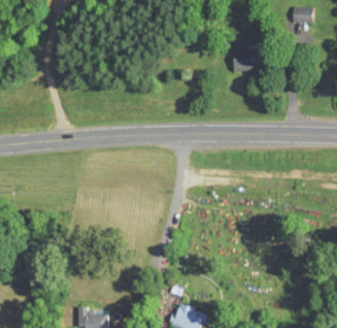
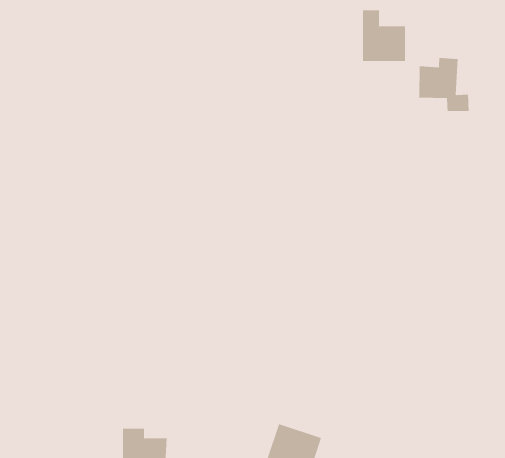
building: none -> [419,57,469,112]

